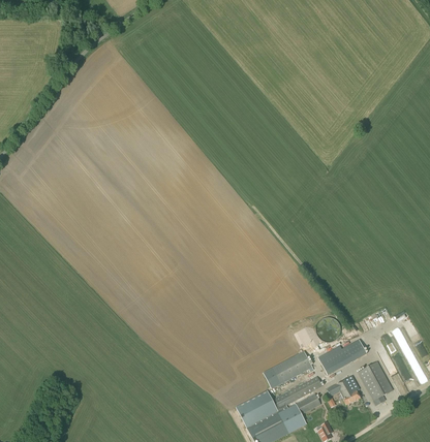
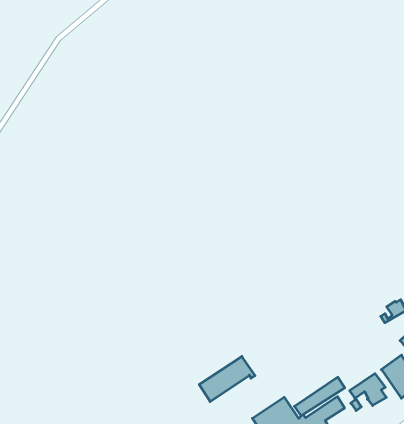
building: [320,339,366,372] -> none
building: [263,351,314,389] -> [199,356,255,402]

